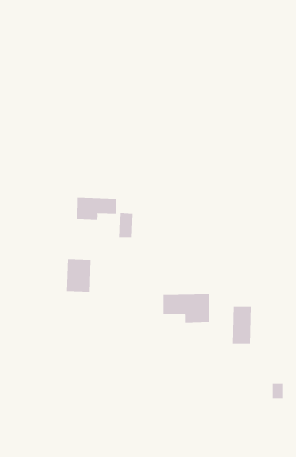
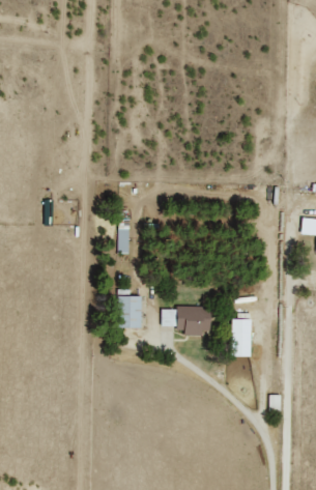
building: [76,197,117,221] -> none
building: [66,259,91,293] -> [116,295,141,328]

